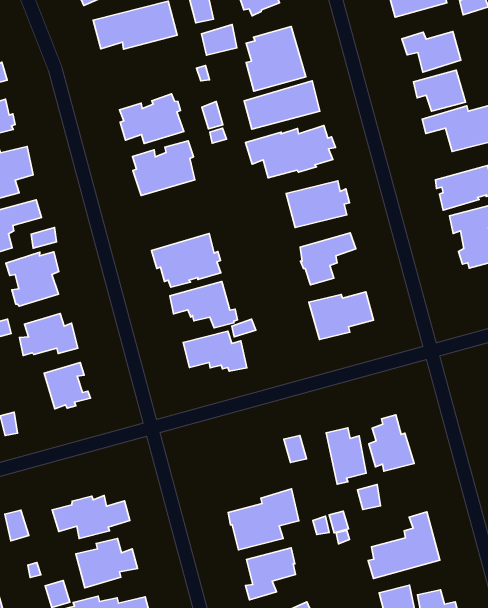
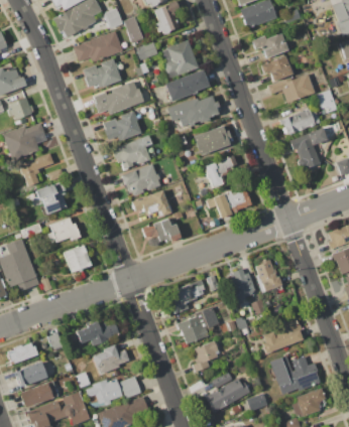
building: none -> [83,58,124,89]
building: none -> [110,135,152,170]
building: none -> [170,279,205,314]

